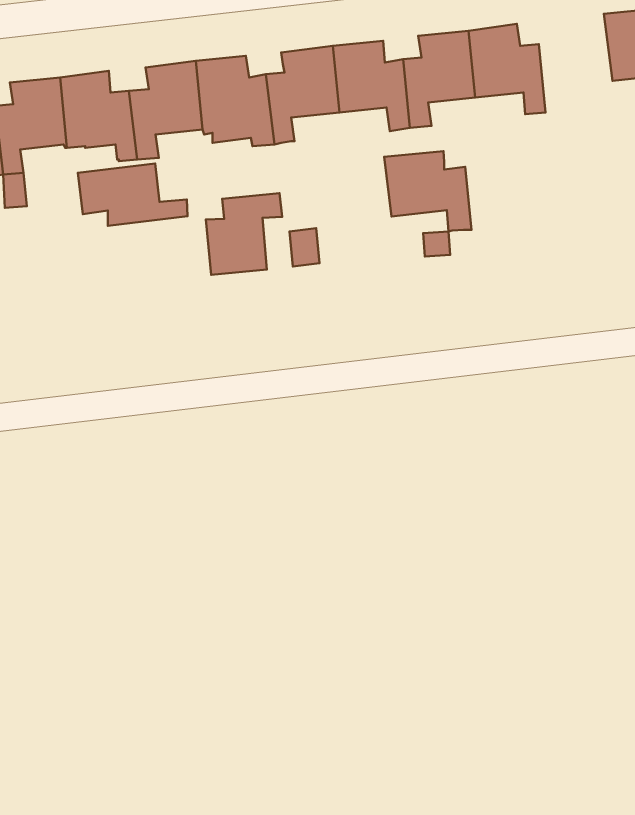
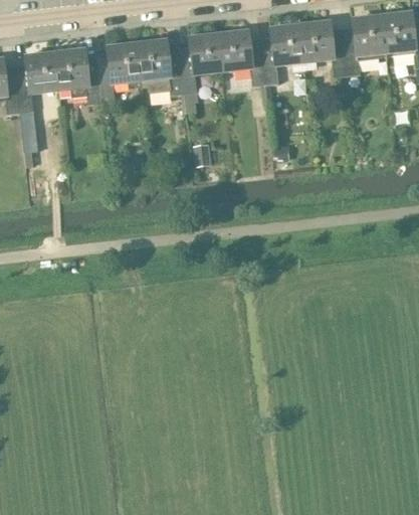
building: none -> [343,13,387,72]
building: [384,151,472,231] -> none
building: [78,163,187,226] -> none
building: [206,193,282,275] -> none

